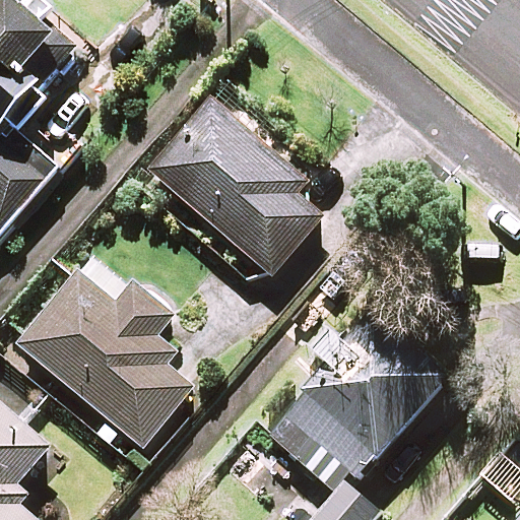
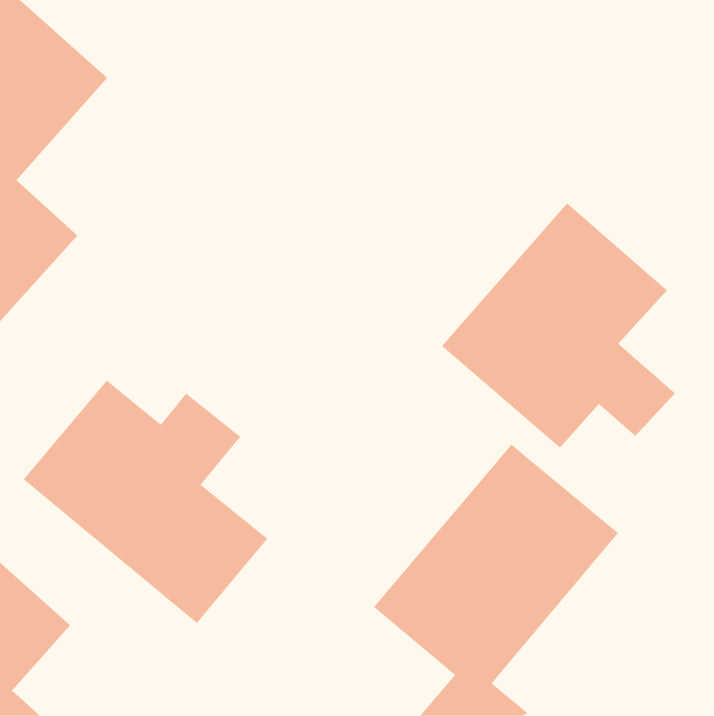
building: [149,99,321,276] -> none
building: none -> [441,203,676,448]

